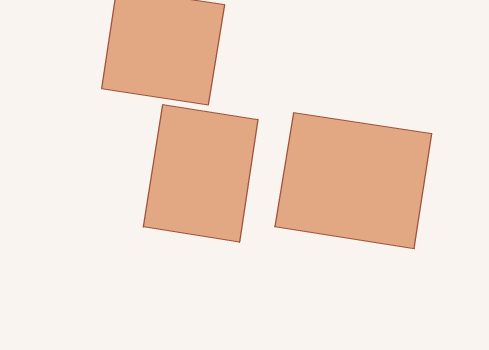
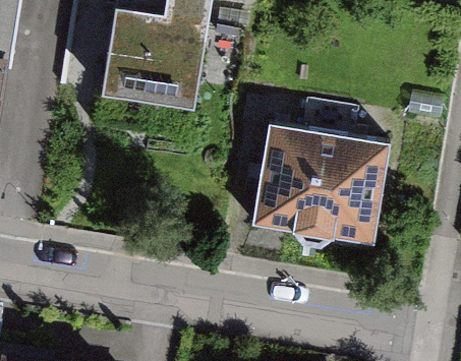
building: [143,105,258,242] -> none

